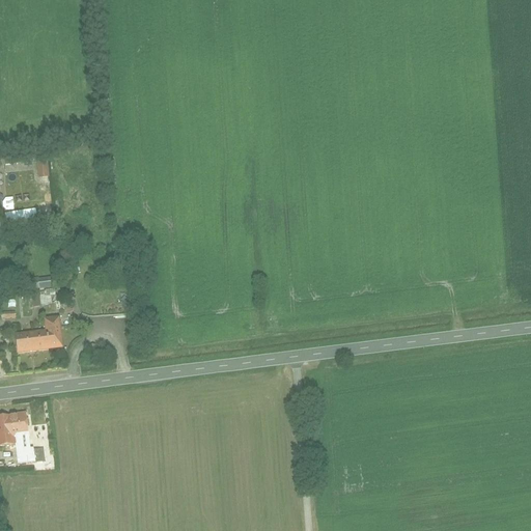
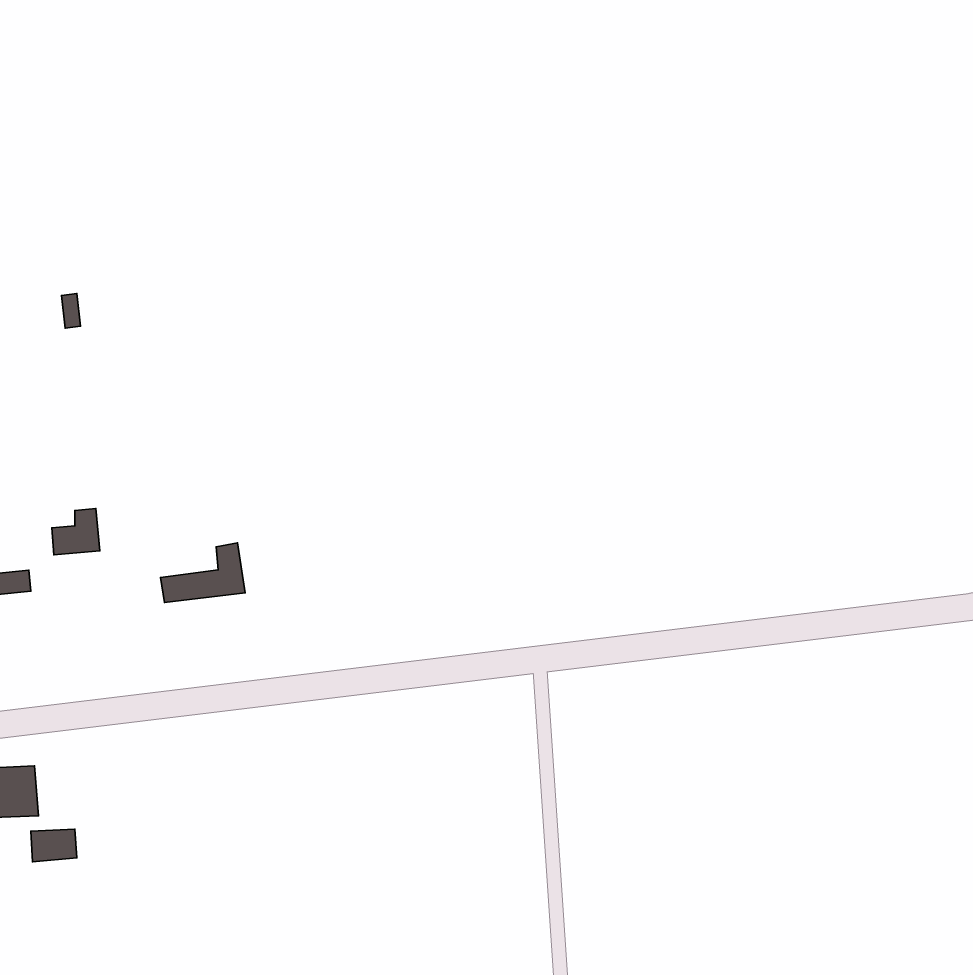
building: [17,316,62,348] -> [161,543,245,602]

